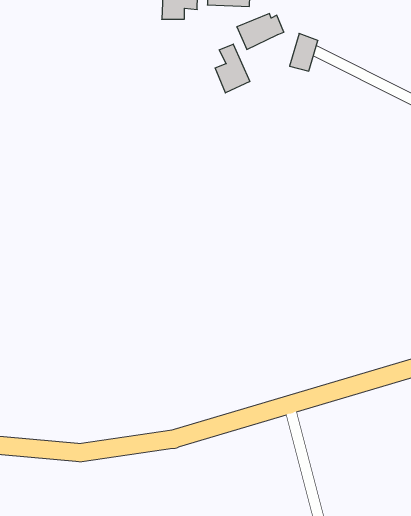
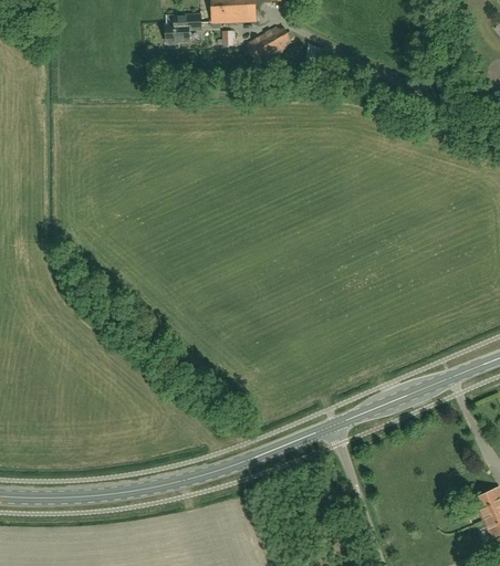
building: [215,44,250,93] -> none

